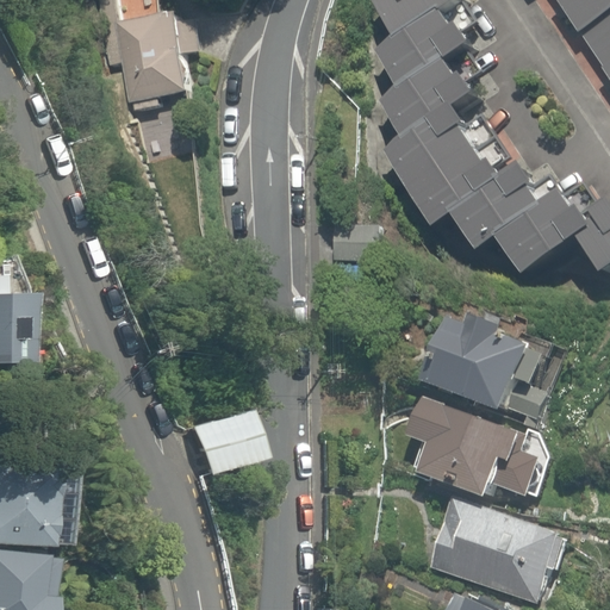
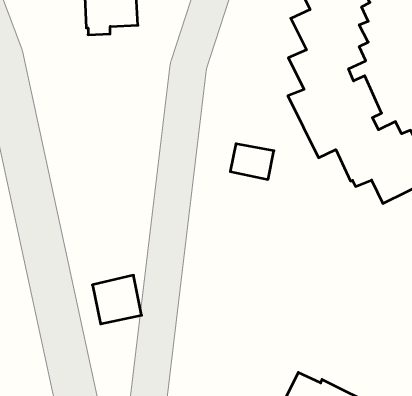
building: [421,312,546,429] -> none
building: [407,396,540,499] -> none

